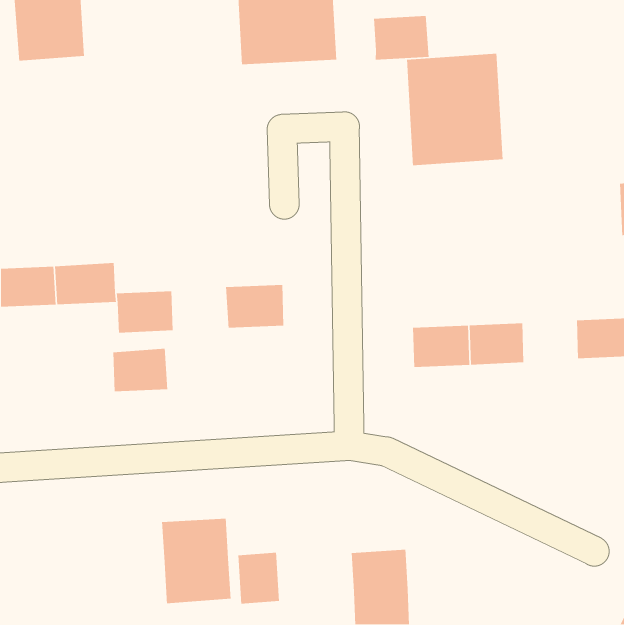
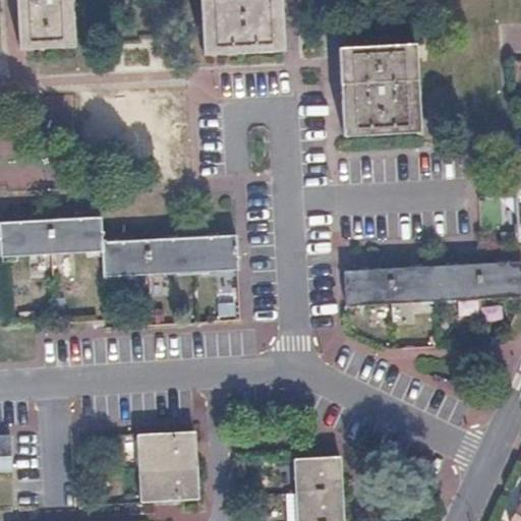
building: [373,15,430,61] -> none
building: none -> [437,265,481,300]
building: [113,348,168,392] -> [147,237,192,274]
building: [238,552,280,605] -> none

